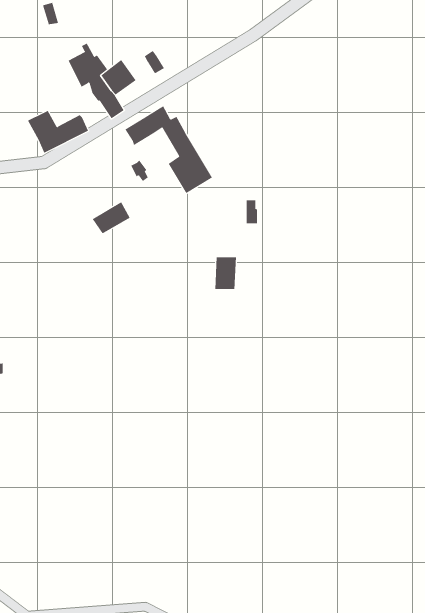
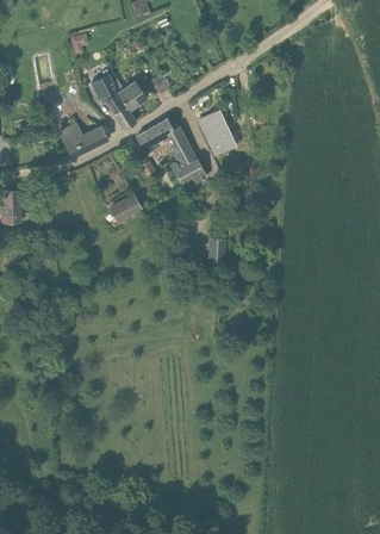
building: none -> [195,110,225,154]

